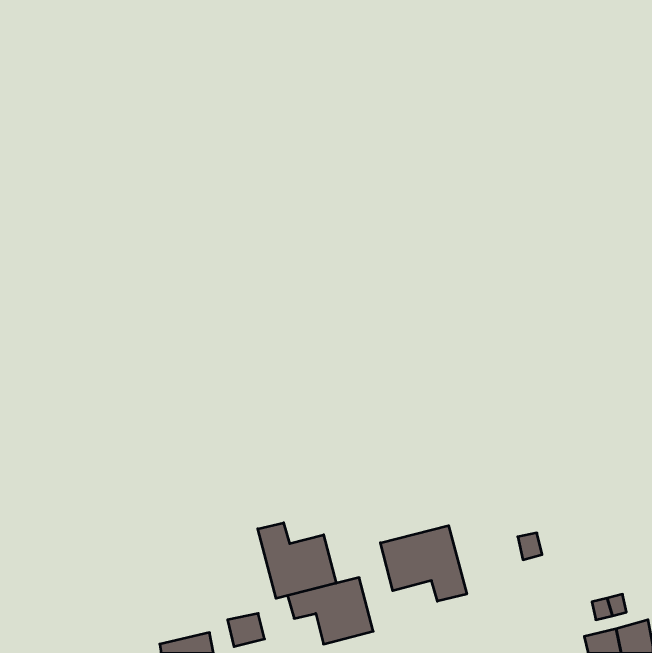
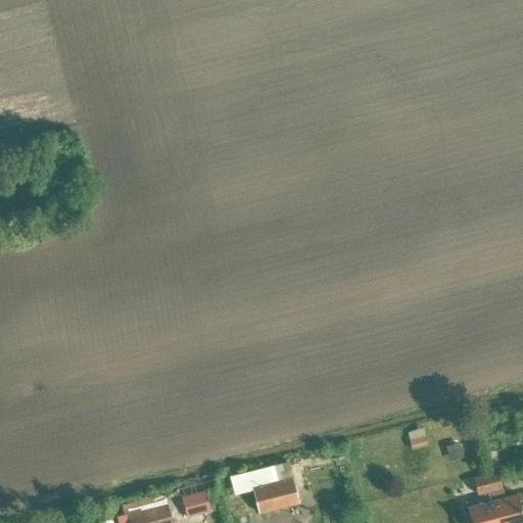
building: [258,523,336,598] -> none
building: [380,526,467,601] -> none

